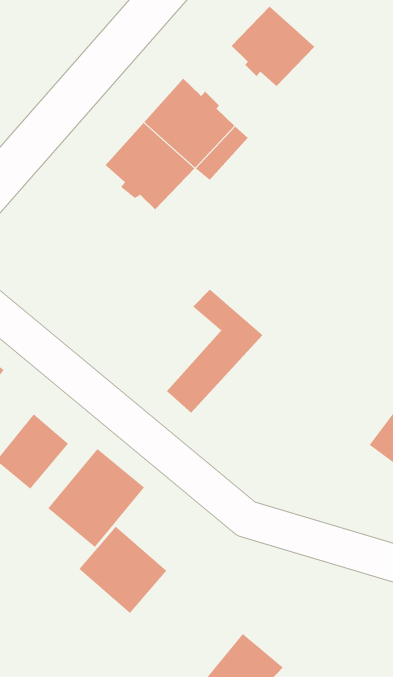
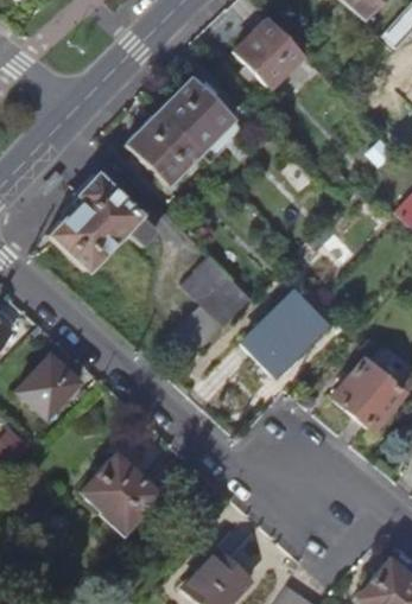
building: none -> [46,179,158,275]
building: none -> [227,293,329,395]
building: [48,448,145,548] -> none

